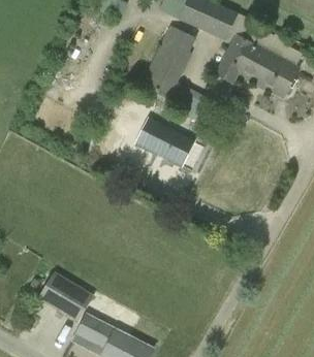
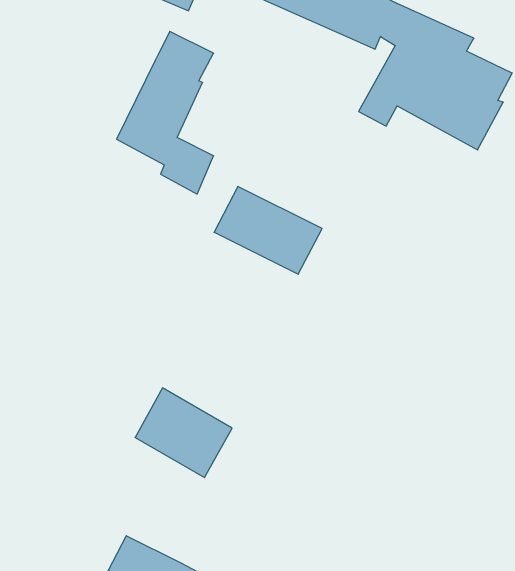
building: [142,26,196,118] -> [117,31,214,194]
building: [38,271,93,322] -> [135,388,232,478]

